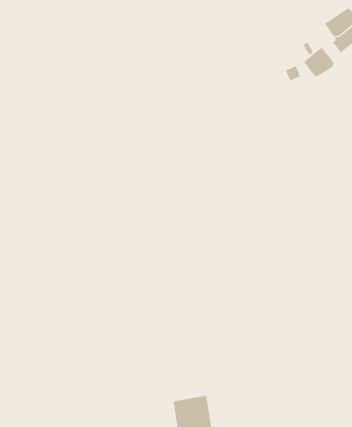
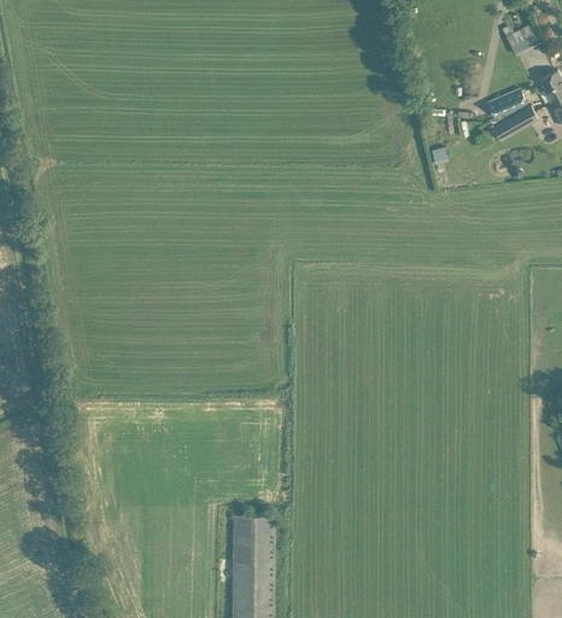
building: [303,46,334,78] -> none

